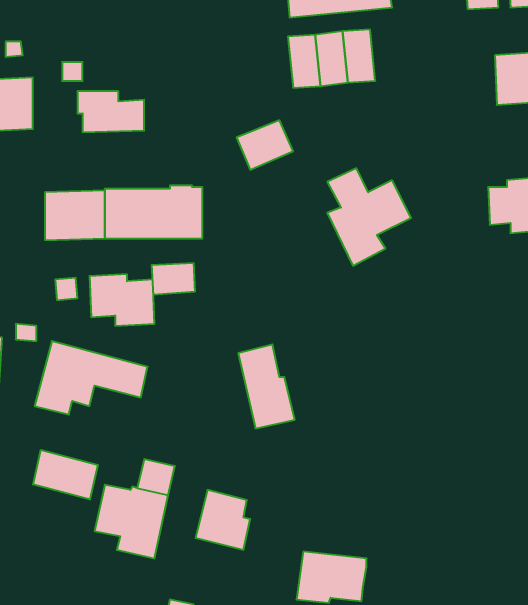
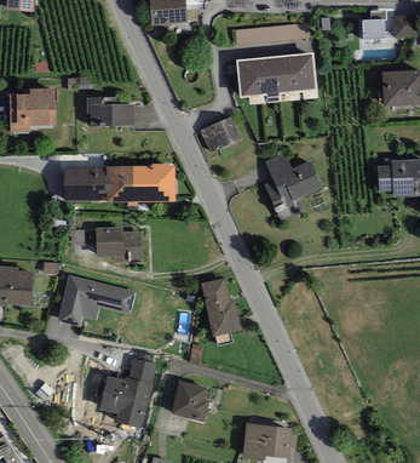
building: none -> [294,51,316,90]
building: [152,263,195,295] -> none
building: [33,450,98,500] -> none

